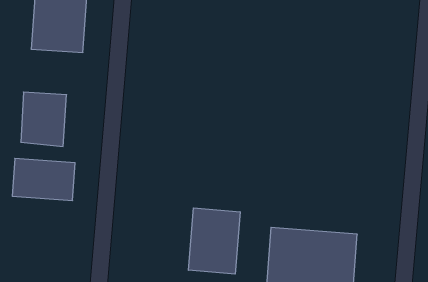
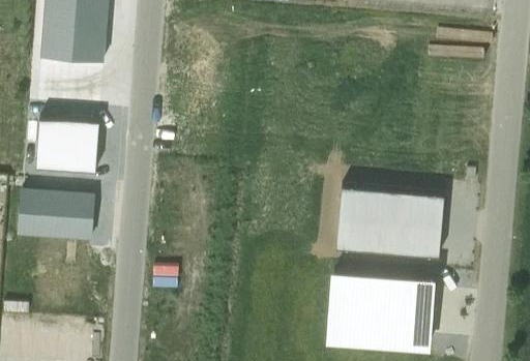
building: none -> [337,188,445,260]
building: [188,208,240,274] -> none

